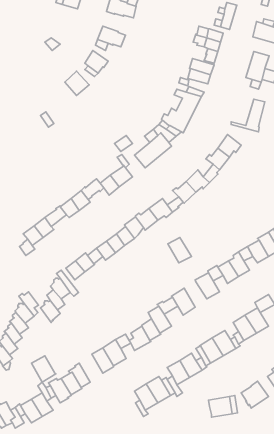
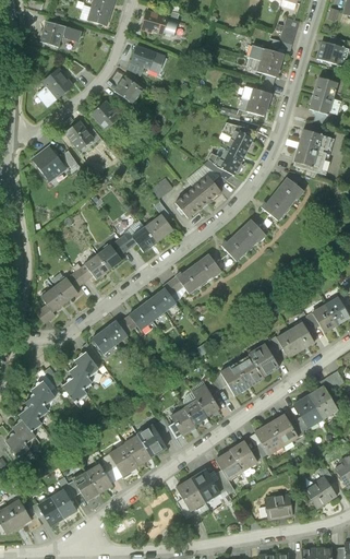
building: none -> [39,21,81,46]
building: none -> [38,69,72,106]
building: none -> [64,120,93,151]
building: none -> [291,129,318,166]
building: none -> [33,147,64,179]
building: [168,238,191,263] -> [234,355,263,385]
building: [31,356,56,382] -> [108,444,137,476]

